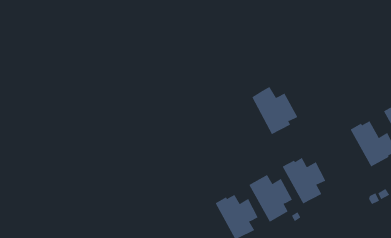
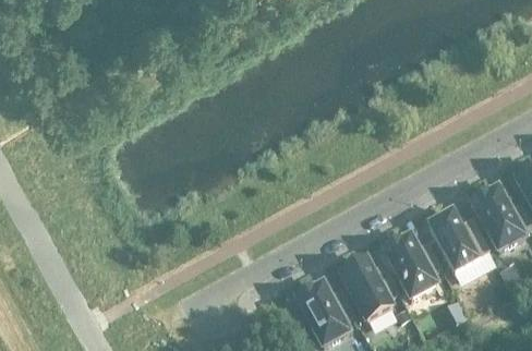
building: [251,86,298,135] -> [428,209,489,273]

